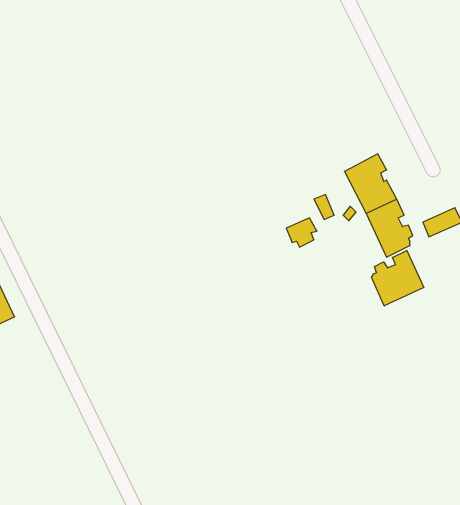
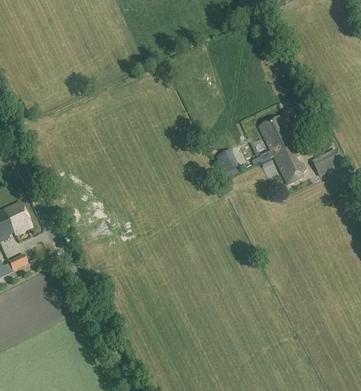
building: [372,250,424,306] -> none

